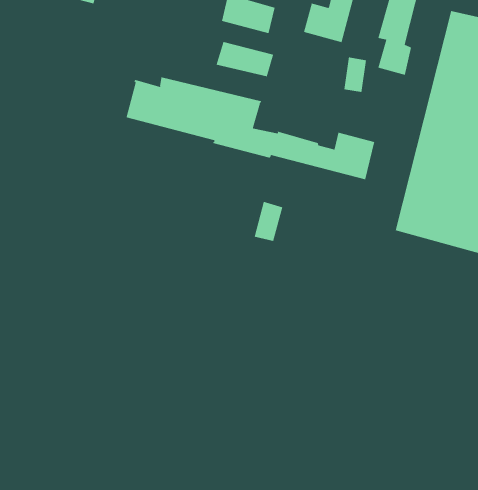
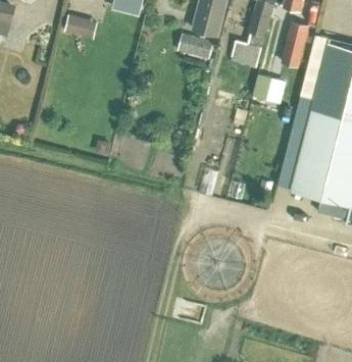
building: [216,41,274,77] -> none
building: [126,77,375,180] -> none

